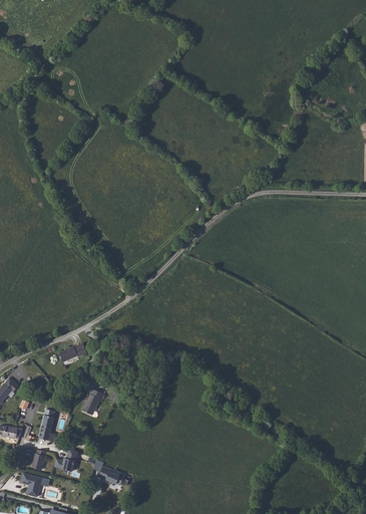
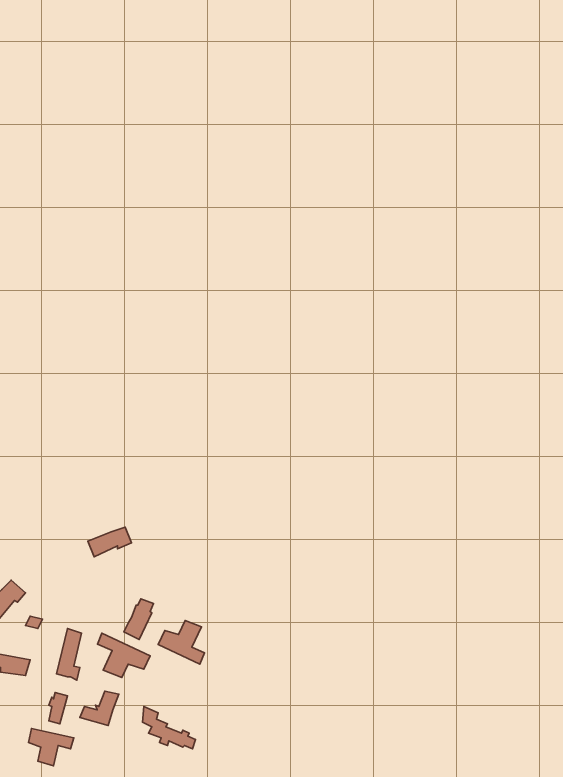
building: none -> [158,621,205,664]
building: none -> [98,633,150,678]

